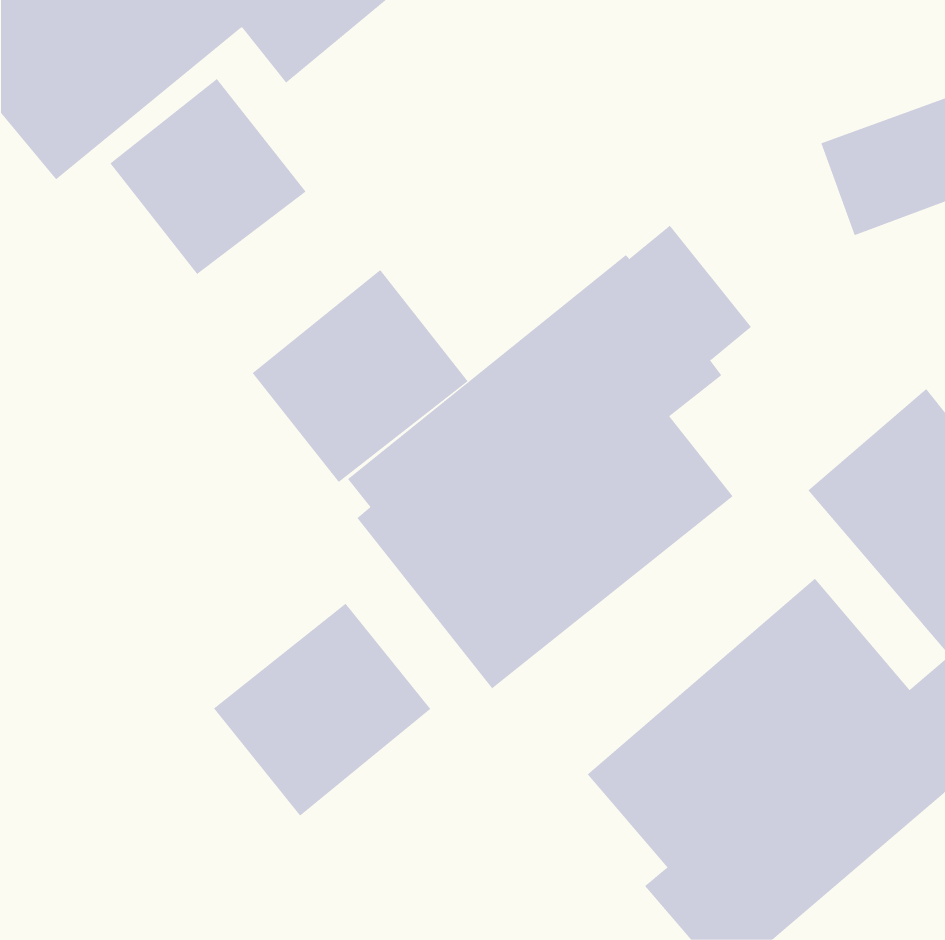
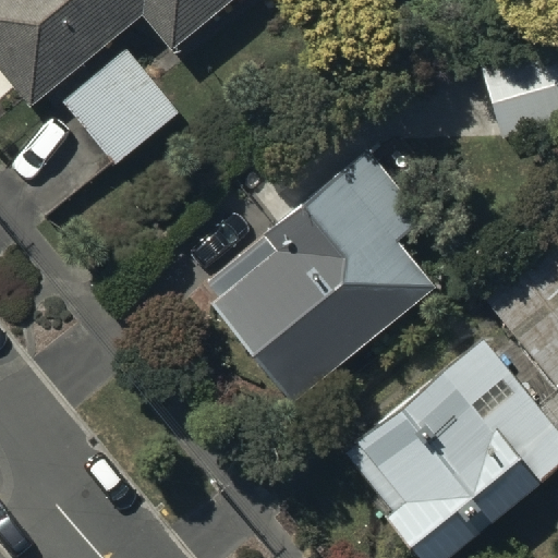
building: [252,269,469,483] -> none
building: [213,603,431,817] -> none

